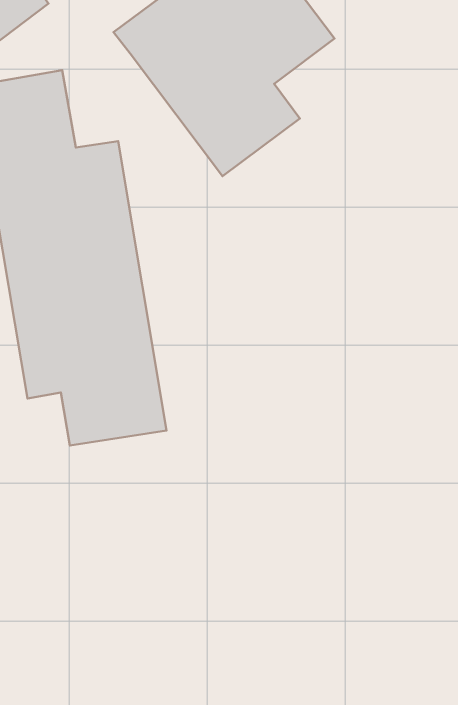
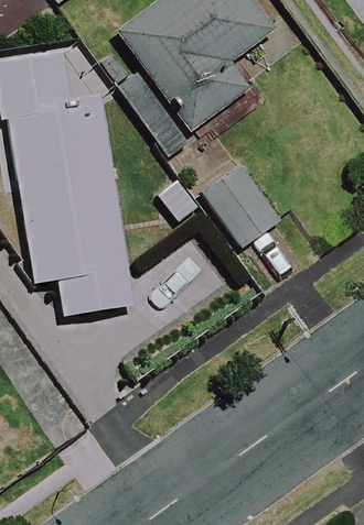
building: none -> [184,161,277,253]

